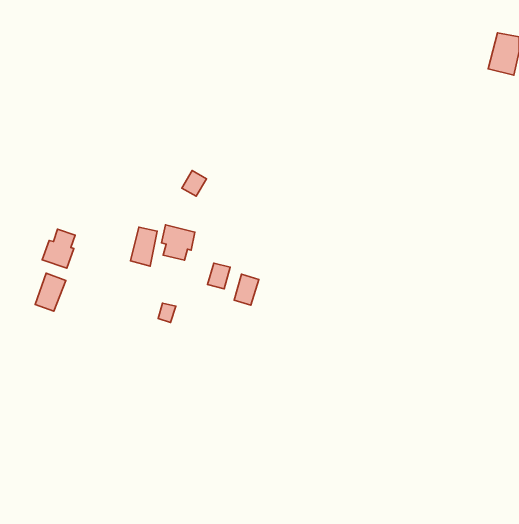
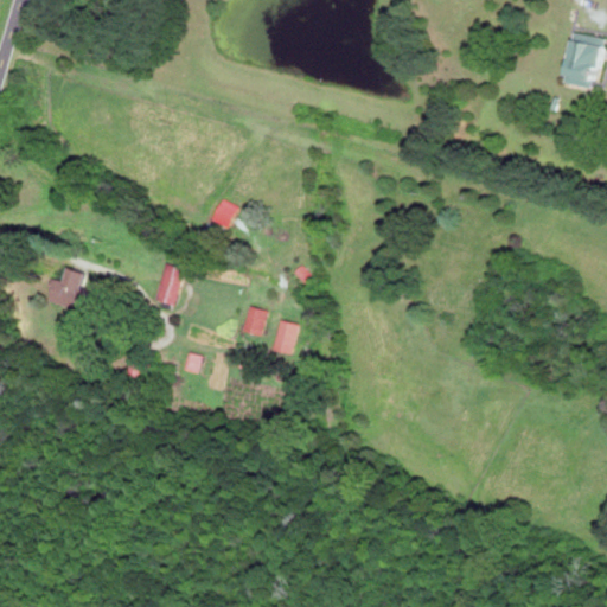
building: [161,225,195,260] -> none
building: [35,273,66,311] -> none

